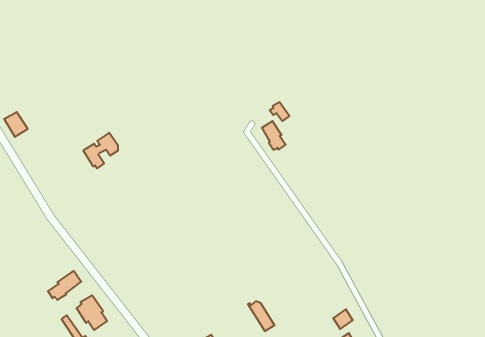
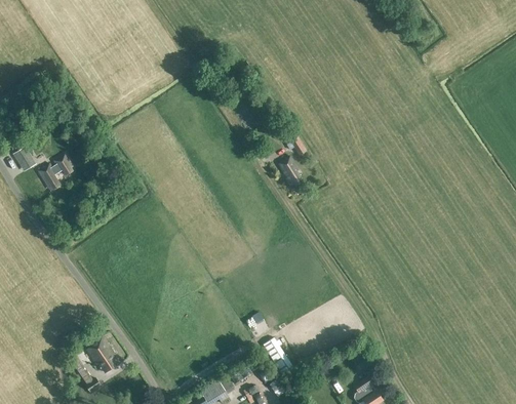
building: [83,133,118,168] -> [39,153,75,190]
building: [48,271,81,300] -> none

